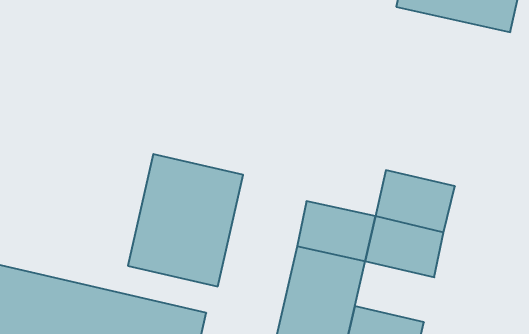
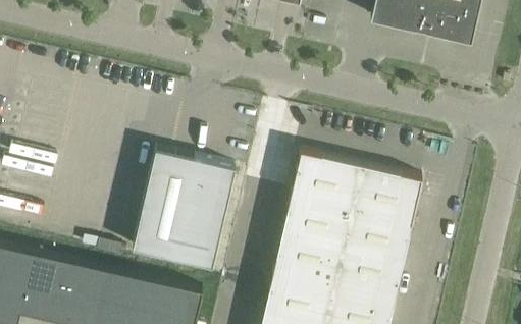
building: none -> [291,153,361,207]
building: none -> [333,247,404,301]

